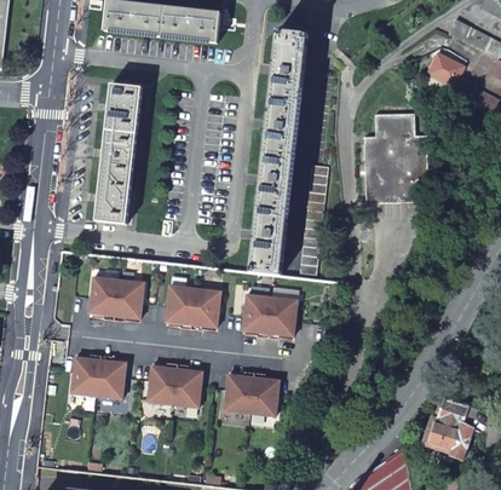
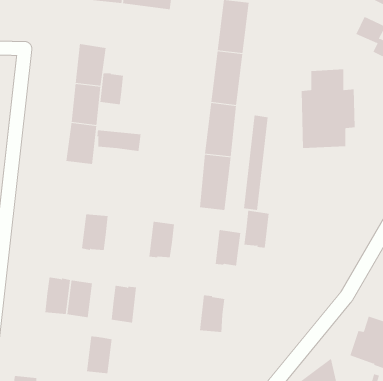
building: none -> [100,73,123,105]
building: none -> [97,129,141,152]
building: [87,276,117,319] -> none
building: [165,286,195,329] -> none
building: [241,294,271,338] -> [243,210,270,248]
building: [172,364,202,408] -> [86,336,113,374]
building: [223,371,253,414] -> none

